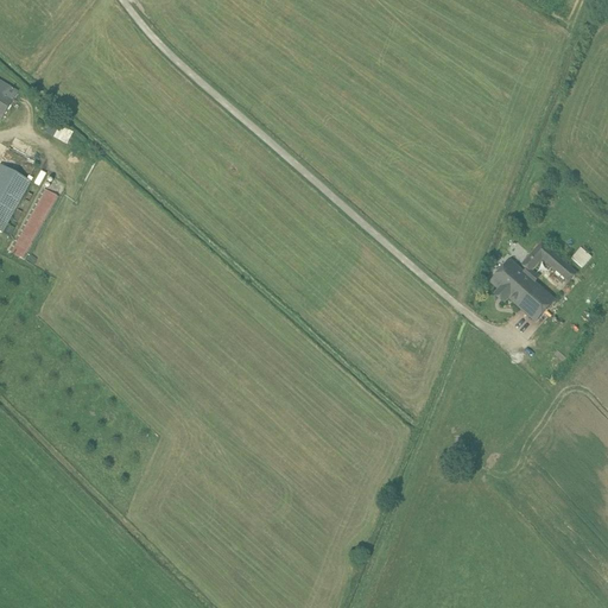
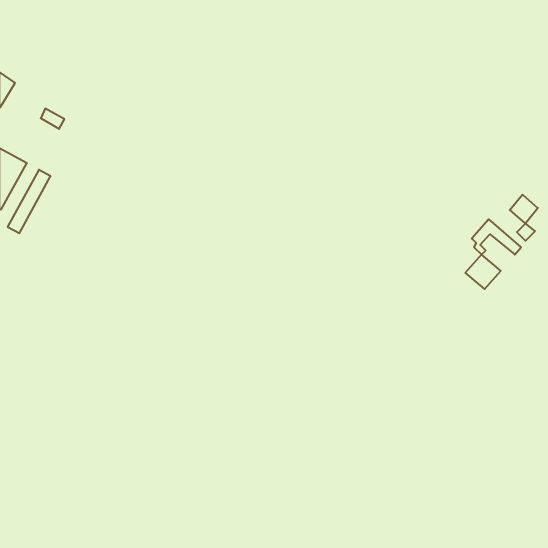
building: none -> [510,195,538,223]
building: [492,261,532,302] -> none

